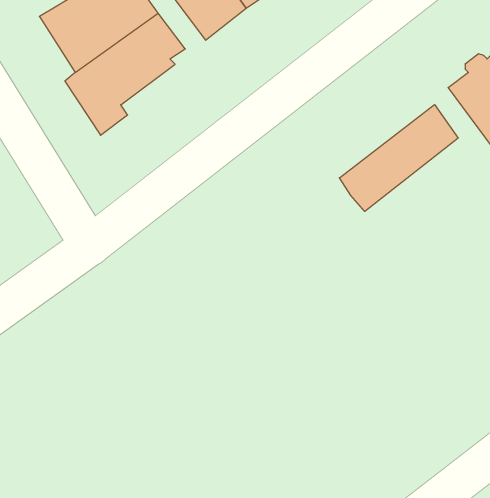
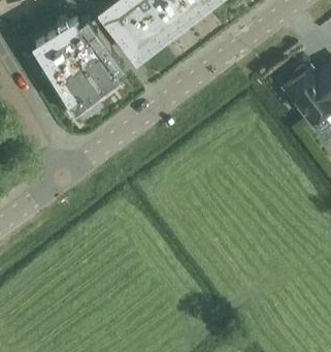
building: [339,105,458,211] -> none

